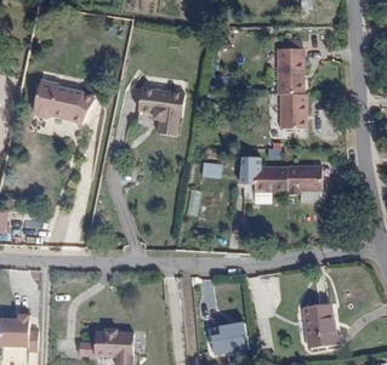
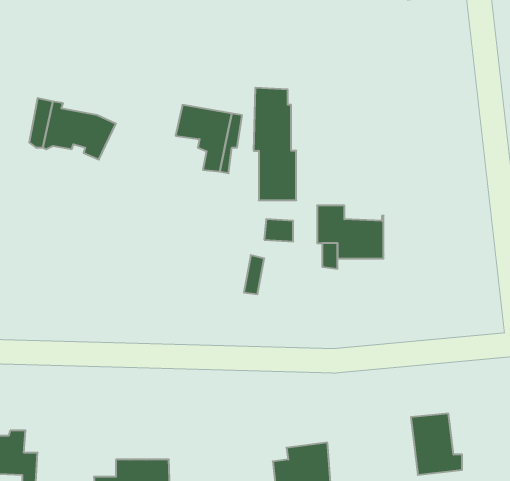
building: [273,51,303,131] -> [254,88,296,200]
building: [285,161,320,200] -> none

